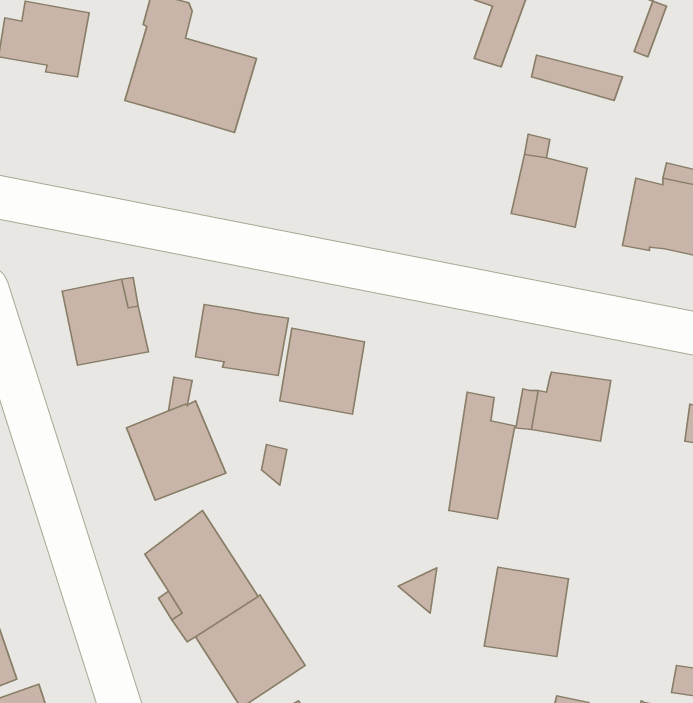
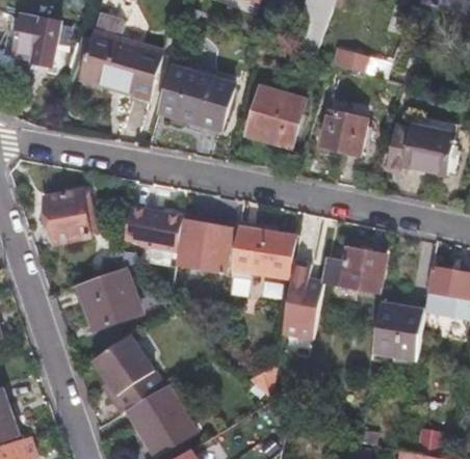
building: none -> [159,68,234,131]
building: none -> [246,88,305,148]
building: none -> [231,223,291,269]
building: [484,567,569,656] -> [372,300,424,355]

